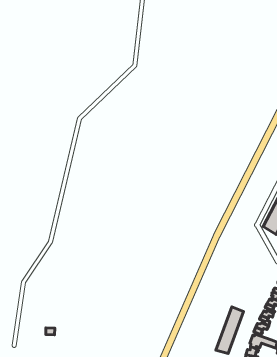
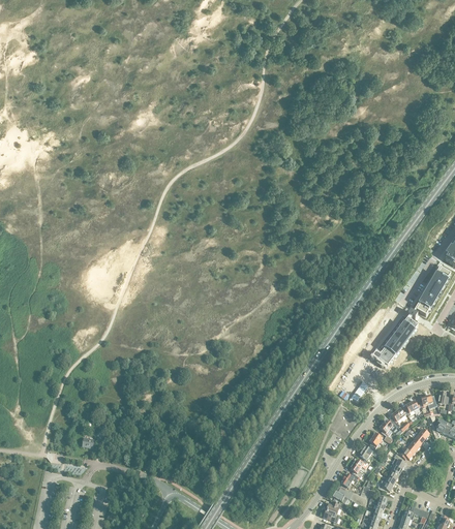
building: [216,307,244,354] -> none

